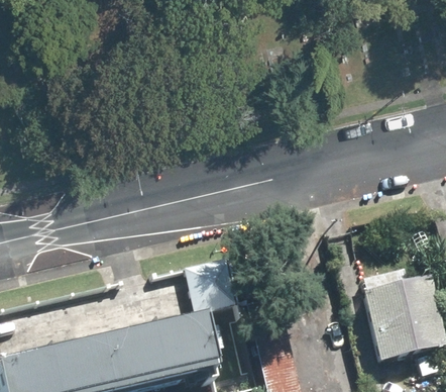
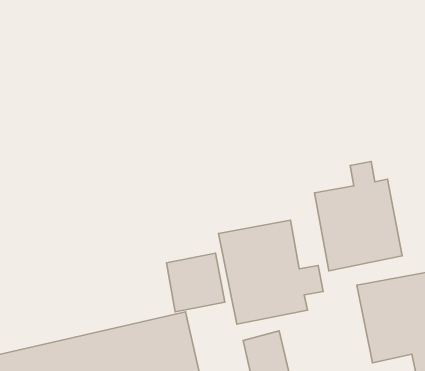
building: none -> [314,162,402,271]
building: none -> [218,220,323,324]

